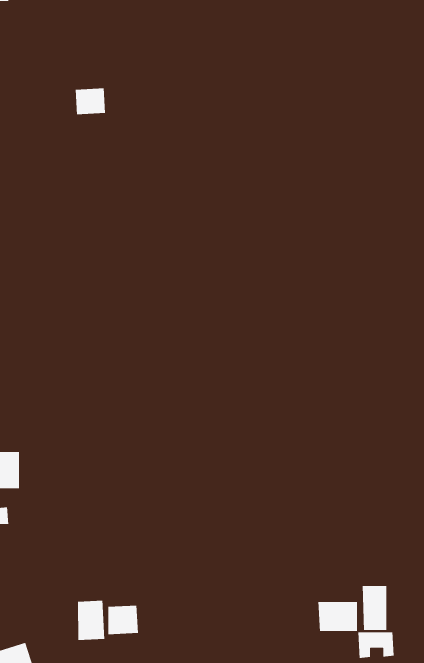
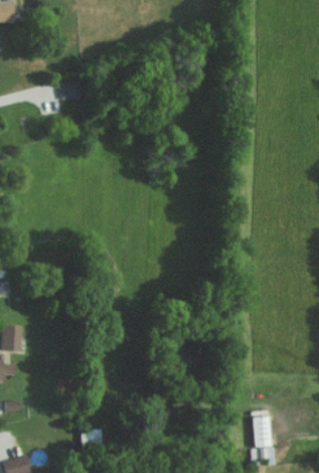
building: [78,600,105,641] -> none
building: [318,601,357,632] -> none

